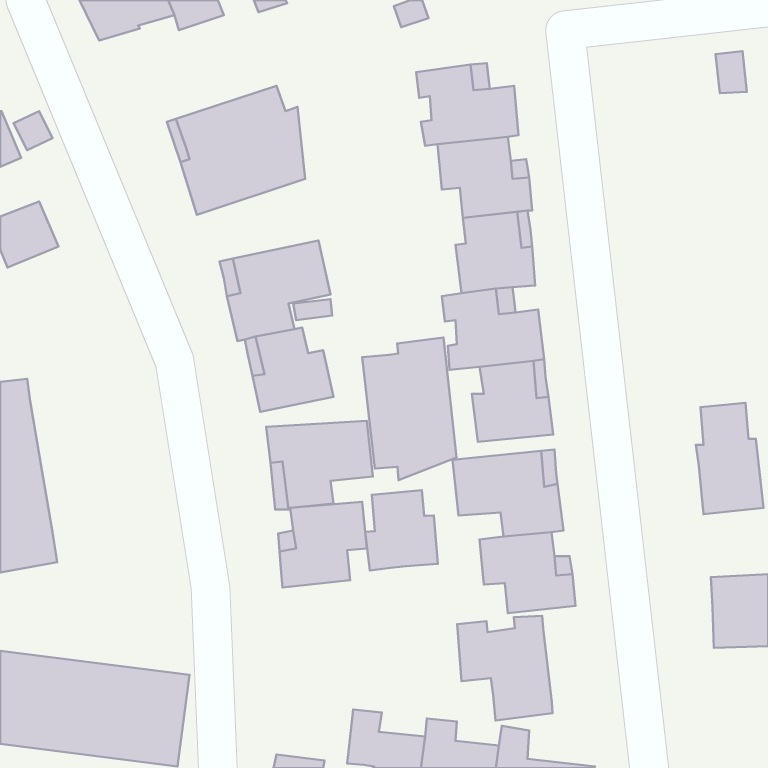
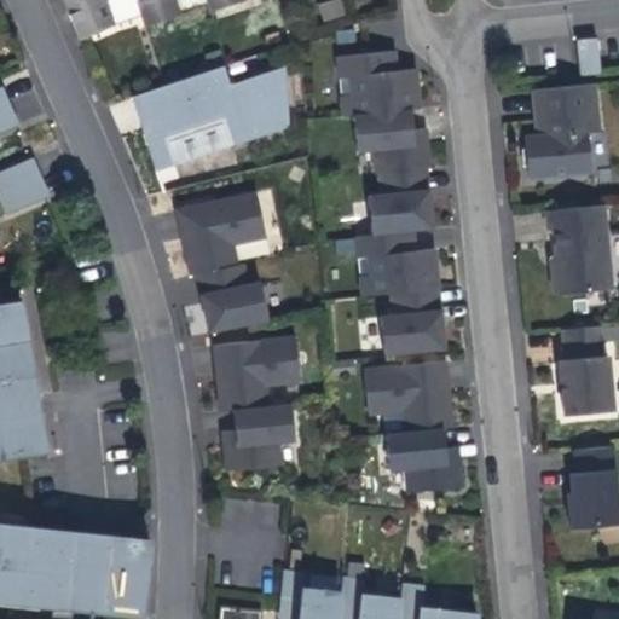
building: none -> [239,70,294,144]
building: none -> [528,82,602,177]
building: none -> [546,203,612,291]
building: [362,338,456,480] -> none
building: [365,490,438,571] -> none
building: [457,616,552,720] -> none

